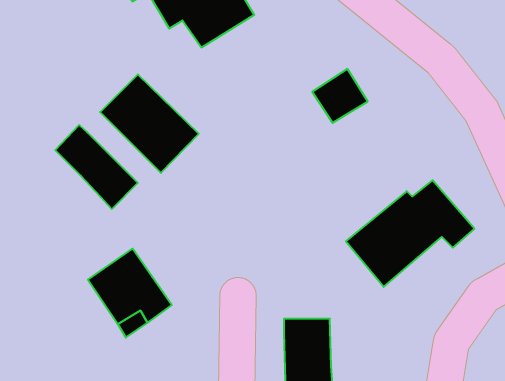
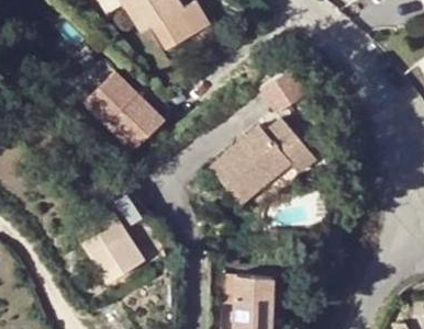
building: [55,125,138,209] -> none
building: [346,180,474,287] -> [205,117,310,204]

